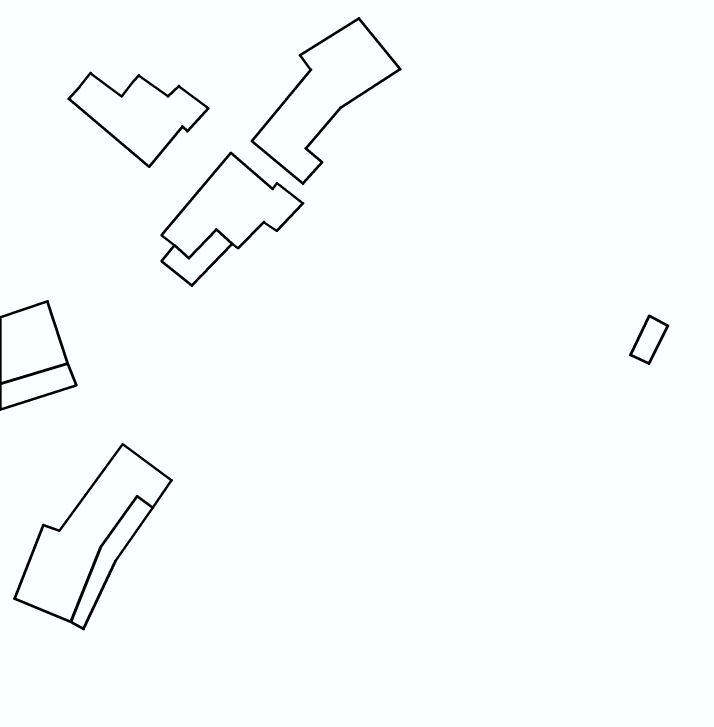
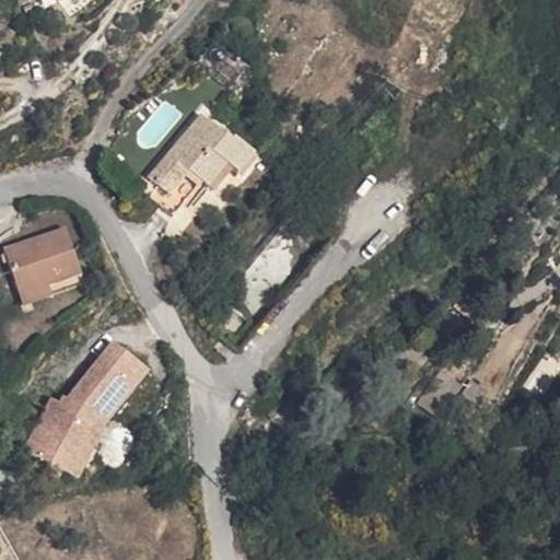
building: [252,18,400,184] -> none
building: [69,73,208,167] -> none

